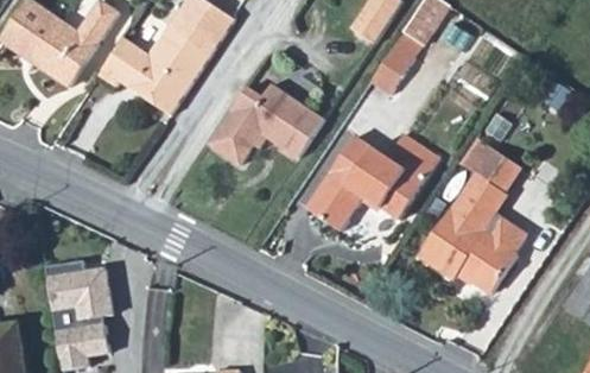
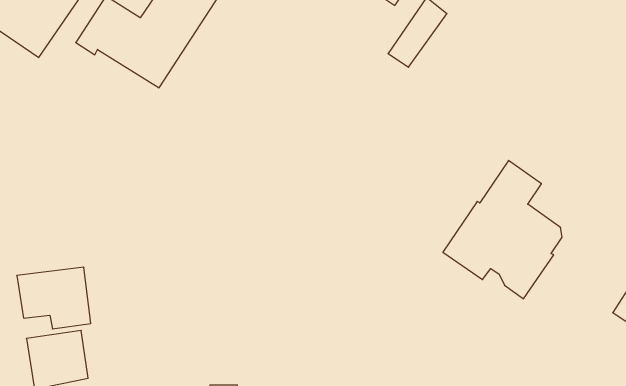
building: [212,81,326,162] -> none
building: [307,135,437,232] -> none
building: [457,143,516,195] -> none

